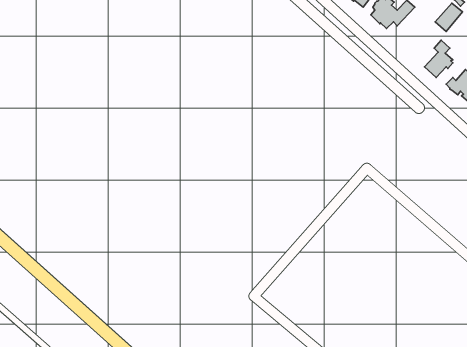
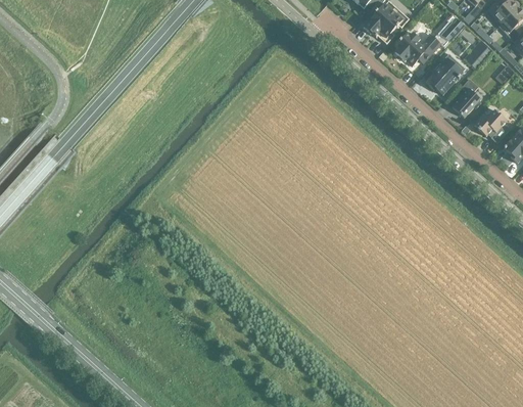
building: none -> [424,52,463,94]

